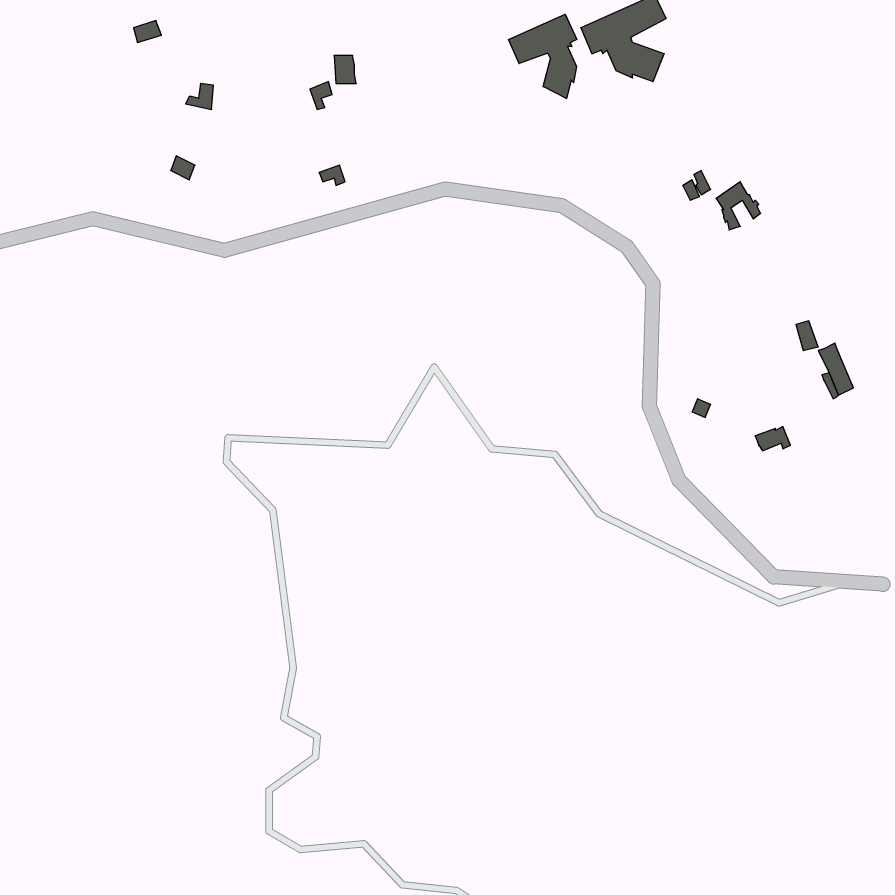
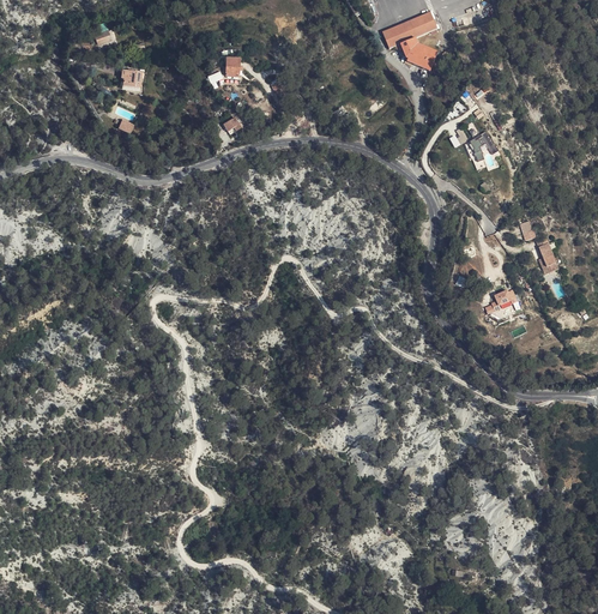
building: [509,14,577,99] -> none

